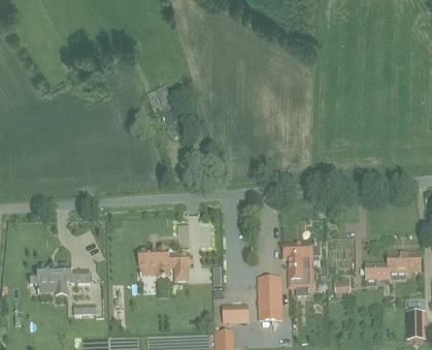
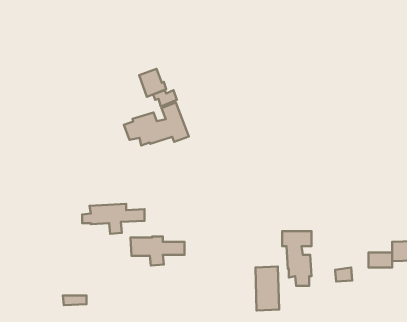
building: none -> [124,103,189,146]
building: [29,265,89,294] -> [82,204,145,234]
building: [223,306,248,324] -> none

